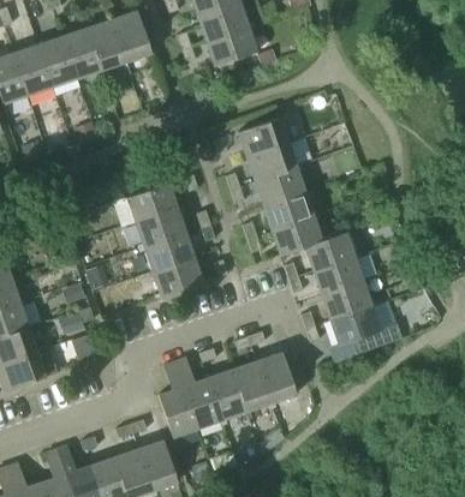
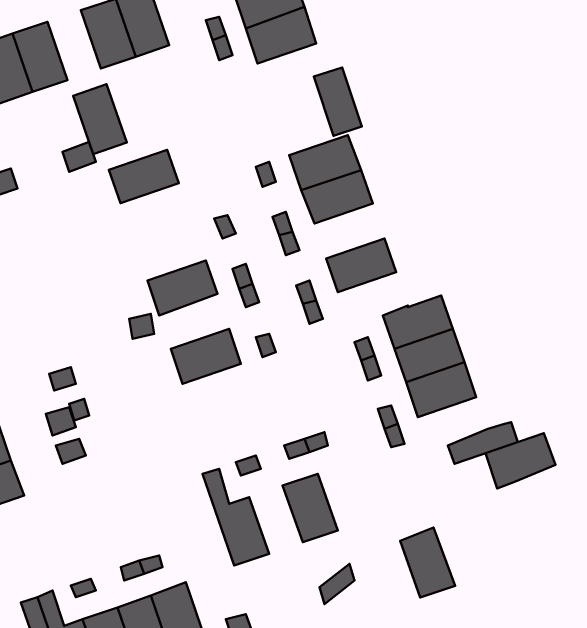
building: [64,28,102,78] -> [73,84,127,154]
building: none -> [314,67,362,136]
building: [256,167,306,206] -> none
building: [127,184,178,222] -> [109,150,179,203]
building: [273,216,323,256] -> none
building: [144,232,195,271] -> none
building: [330,306,381,346] -> [485,433,556,488]
building: [258,352,298,402] -> [400,528,455,598]
building: [159,361,198,437] -> none
building: [209,370,248,419] -> none

